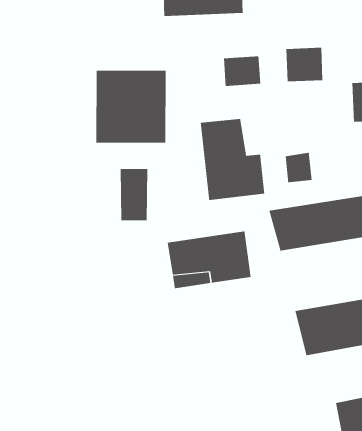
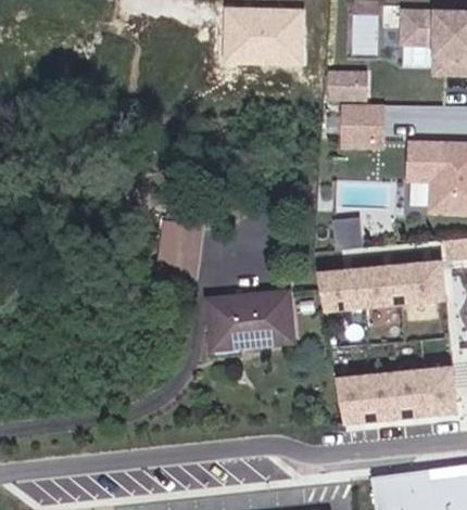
building: [223,56,261,86] -> [329,68,367,98]
building: [96,70,166,144] -> none
building: [200,118,265,201] -> none

